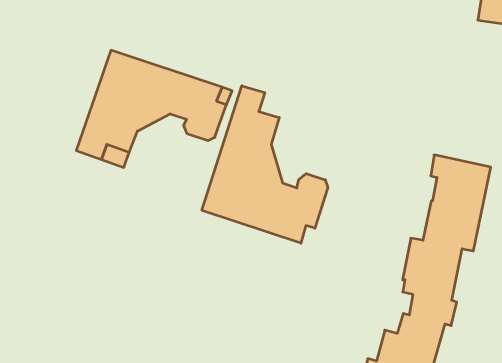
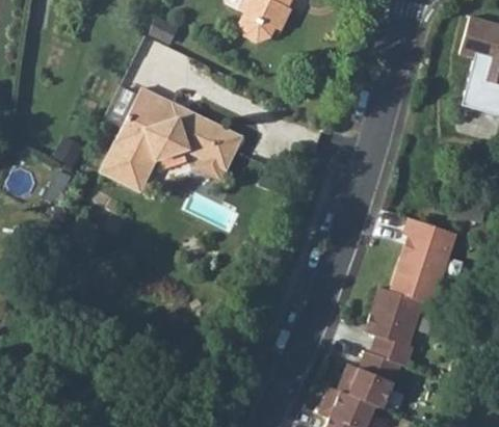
building: [202,86,328,243] -> none

